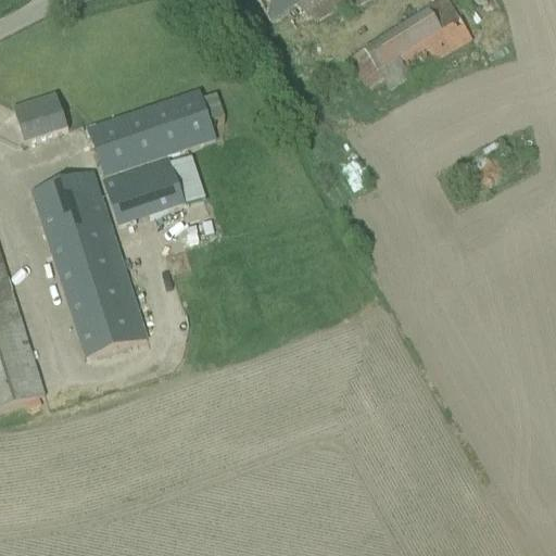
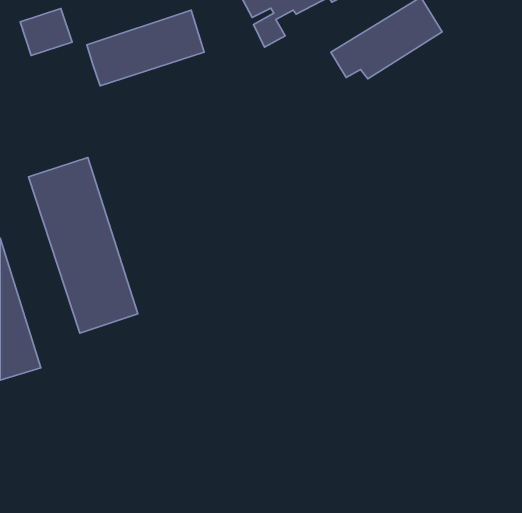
building: [88,87,213,167] -> [87,10,204,86]
building: [12,90,67,140] -> [20,8,72,55]
building: [101,154,205,228] -> none

